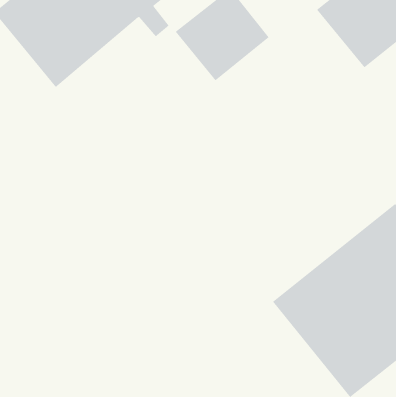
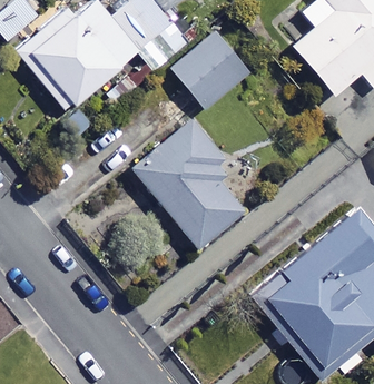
building: none -> [132,121,243,249]

